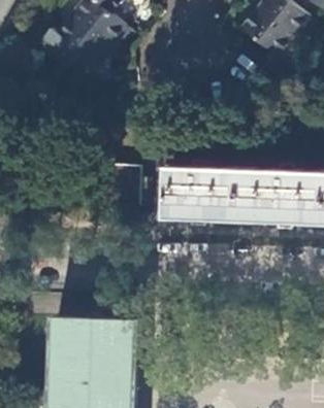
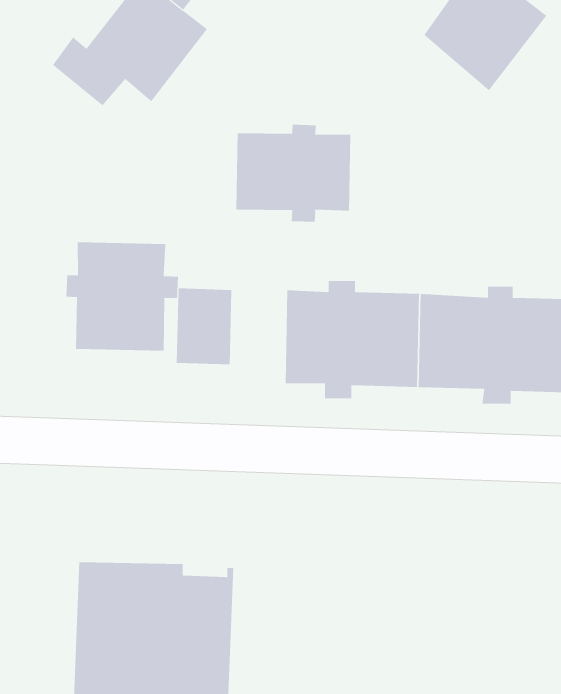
building: none -> [236,124,351,223]
building: none -> [66,241,178,352]

